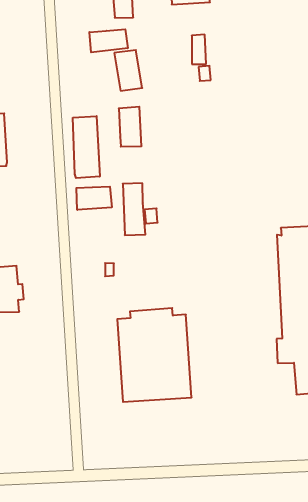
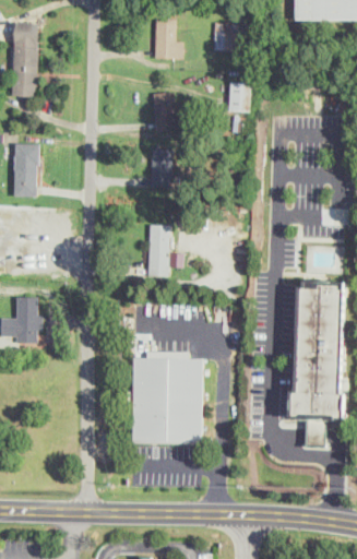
building: [89,29,128,52] -> none
building: [73,116,100,178] -> none
building: [76,187,112,210] -> none

